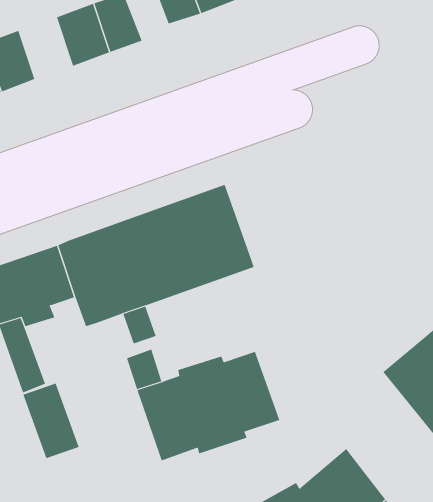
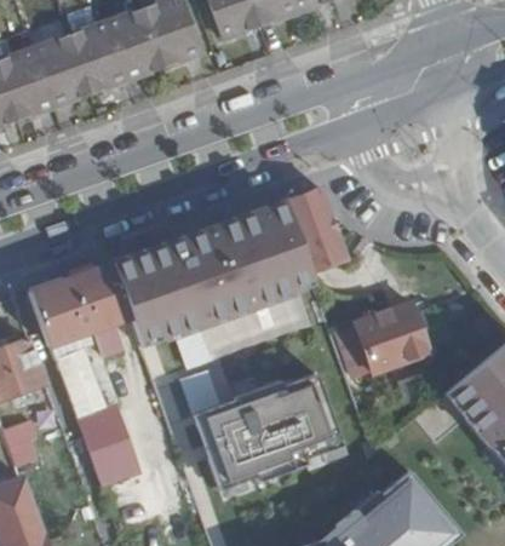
building: none -> [70,27,126,91]
building: none -> [285,186,351,278]
building: none -> [352,298,437,377]

